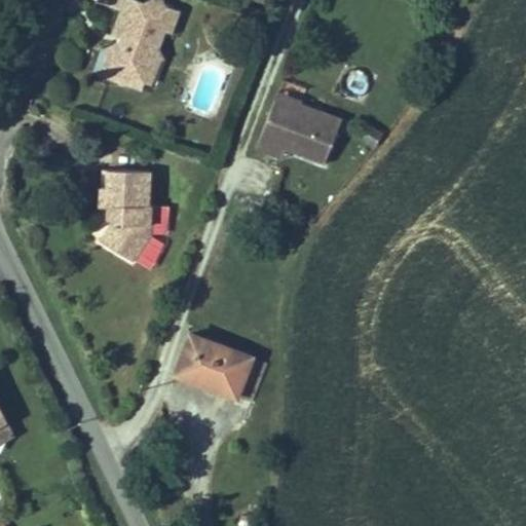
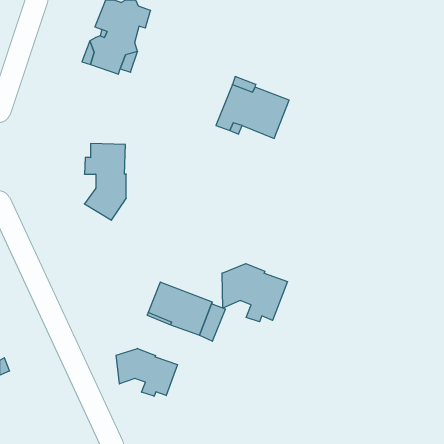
building: none -> [222,264,288,322]
building: none -> [116,348,177,396]

